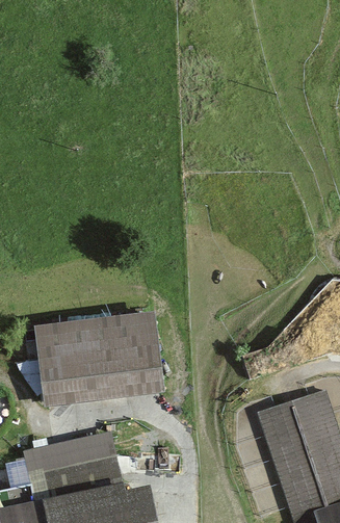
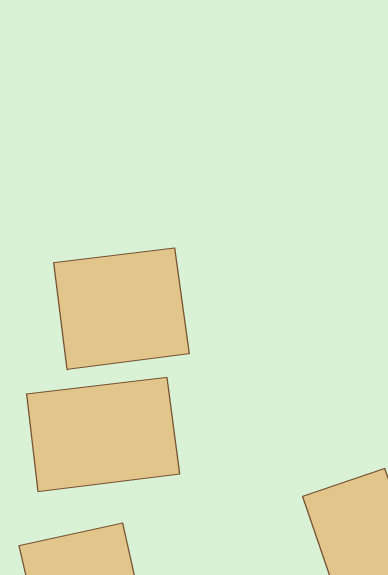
building: none -> [54,248,189,370]

